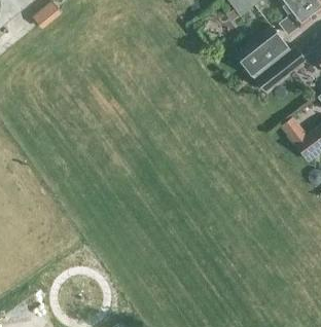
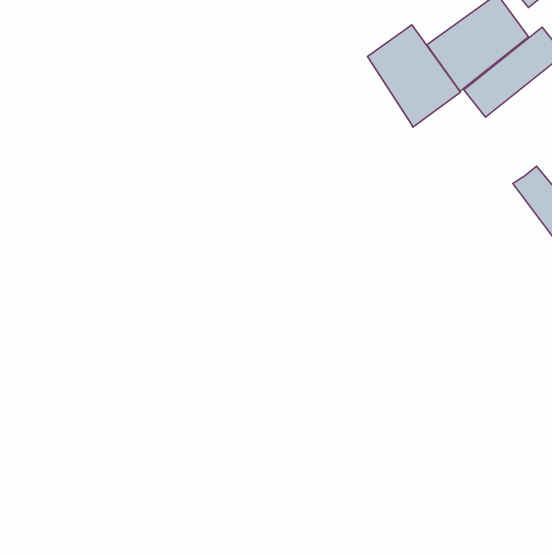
building: none -> [367,25,460,127]

